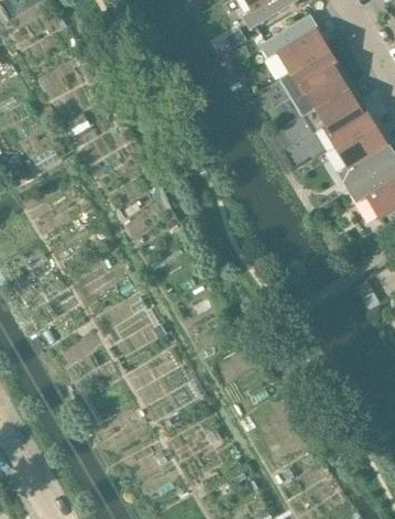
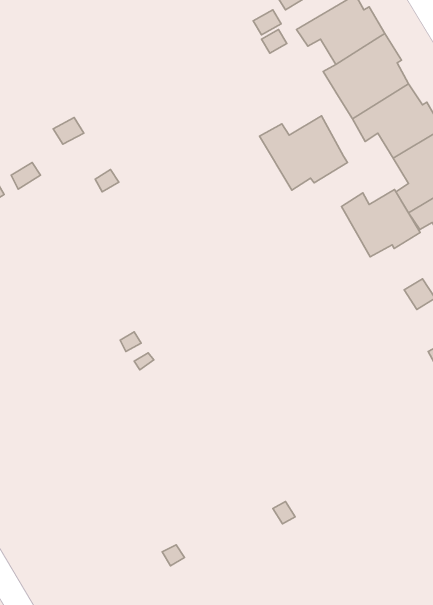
building: none -> [260,116,347,190]
building: none -> [341,190,420,257]

